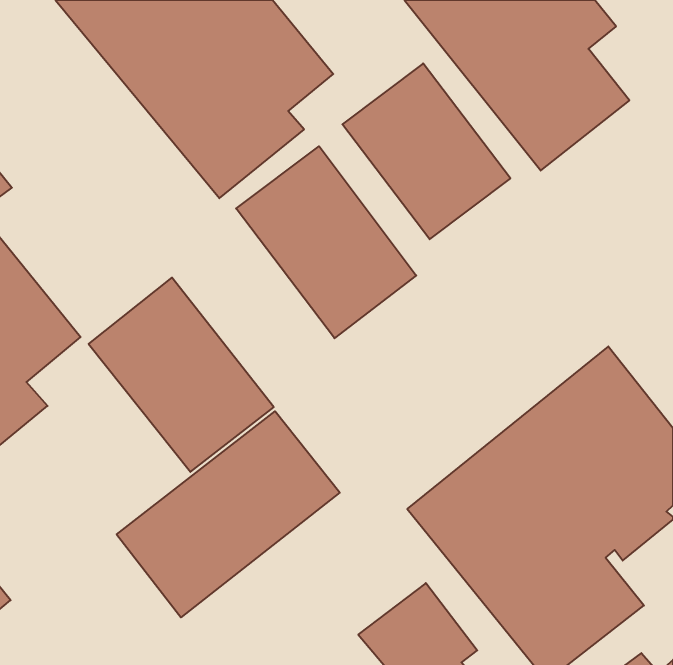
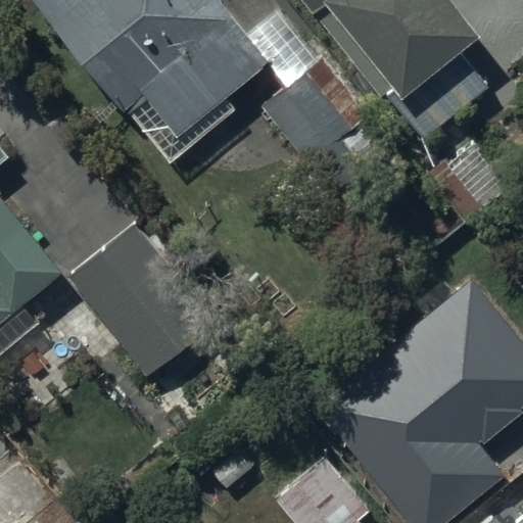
building: [236,146,416,338] -> none
building: [117,411,340,617] -> none

